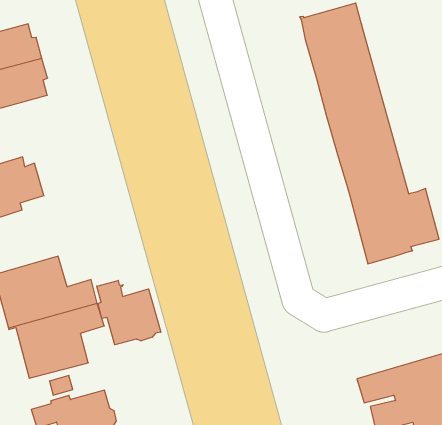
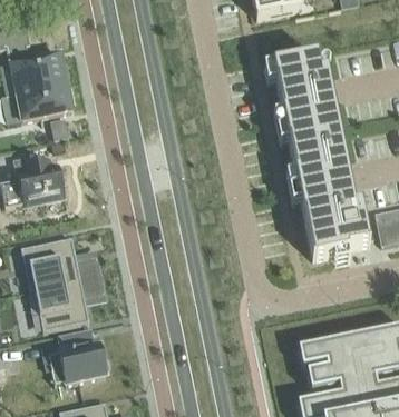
building: [97,280,161,345] -> none

